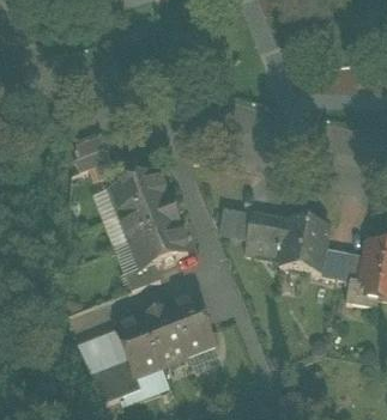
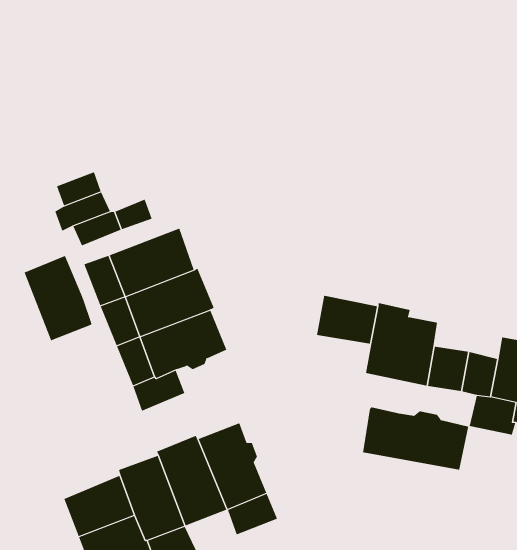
building: none -> [24,255,92,341]
building: [218,207,250,238] -> none
building: none -> [362,406,469,470]

